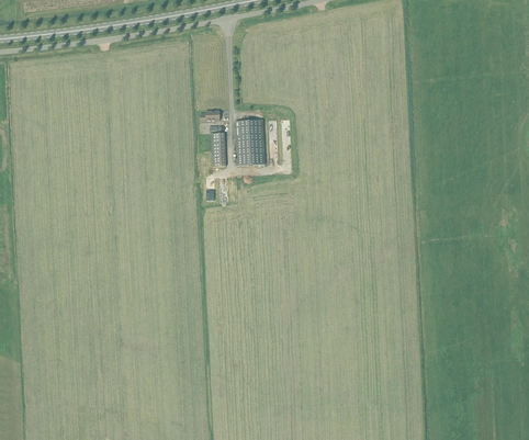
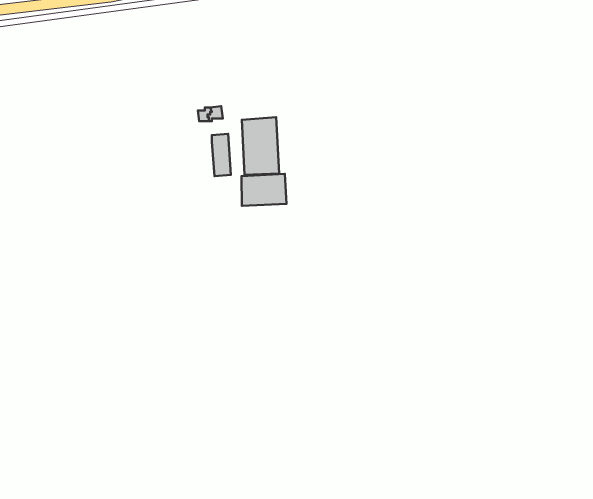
building: none -> [241,174,287,206]

